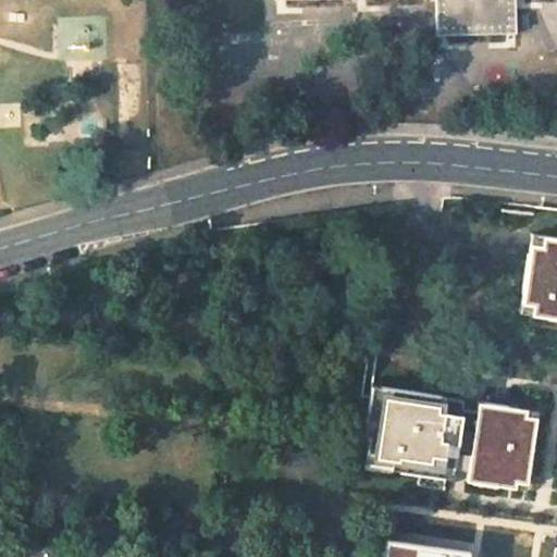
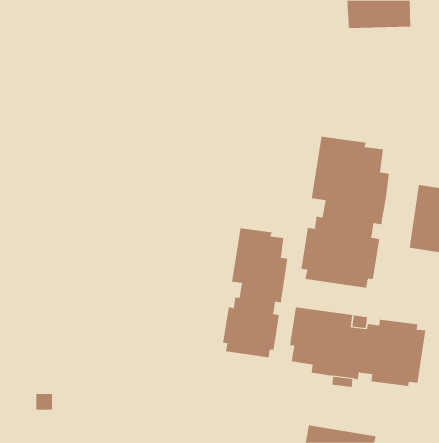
building: none -> [301,136,389,289]
building: none -> [223,227,288,358]

